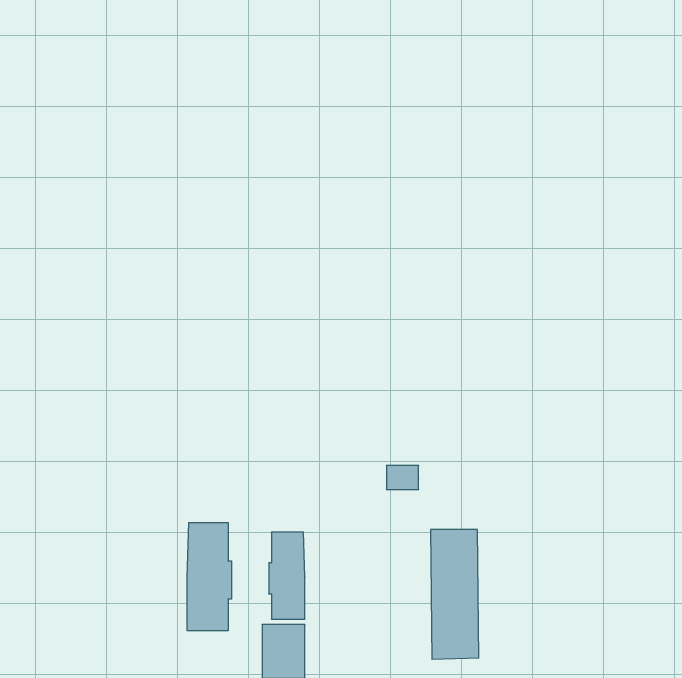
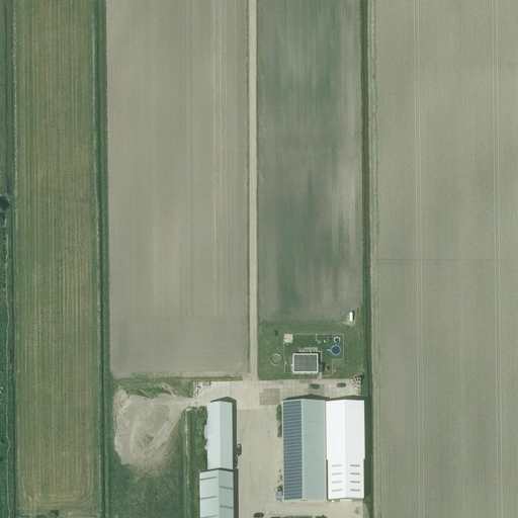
building: [187,523,231,631] -> none
building: none -> [282,401,325,499]

